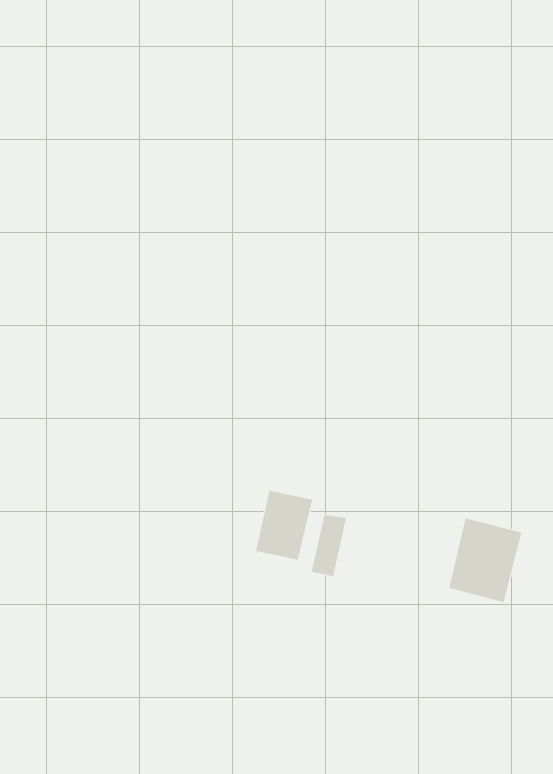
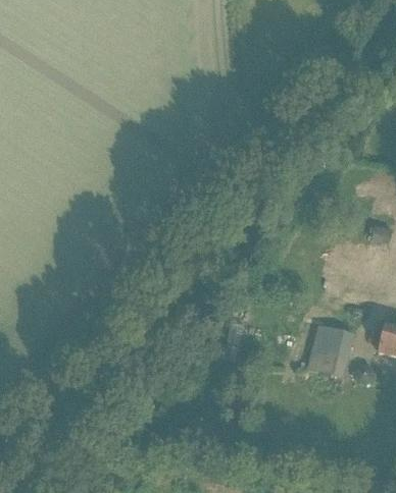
building: [255,490,313,561] -> none

